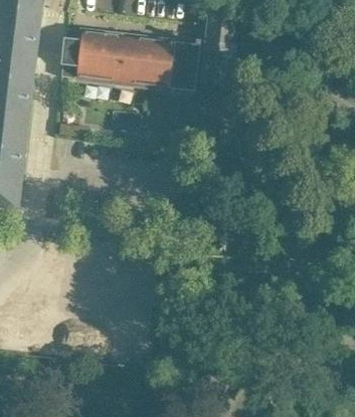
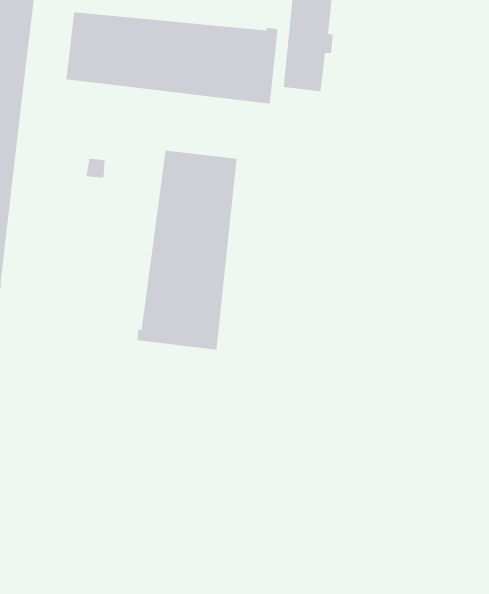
building: none -> [137,150,237,350]

